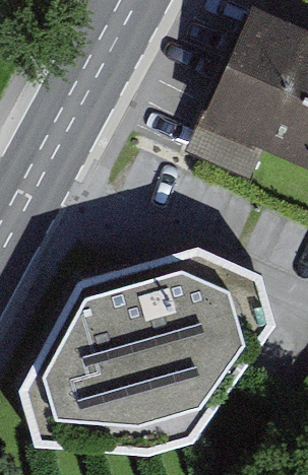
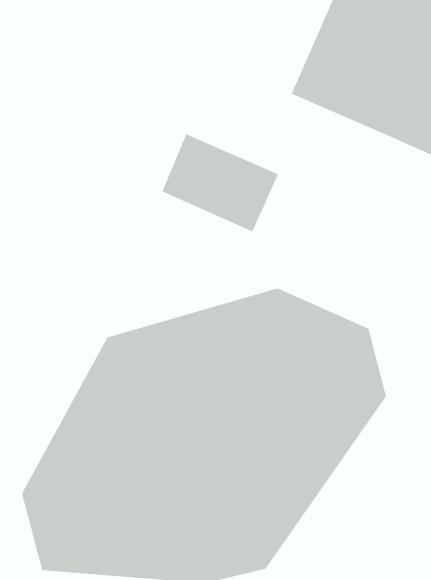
building: [188,110,270,179] -> [161,133,279,232]

